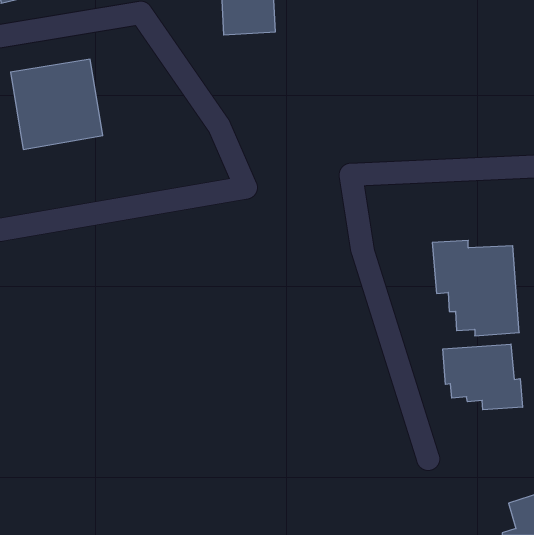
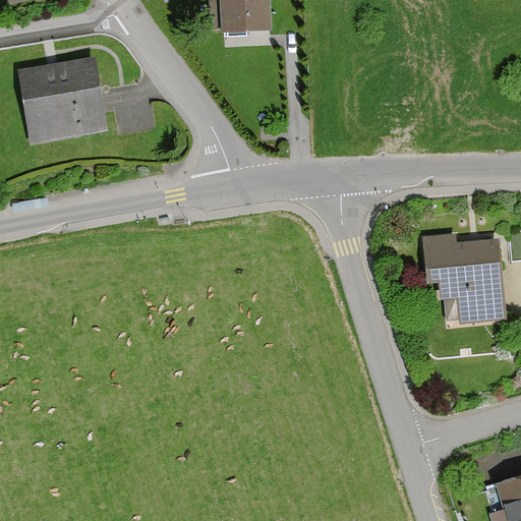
building: [443,344,523,410] -> none

